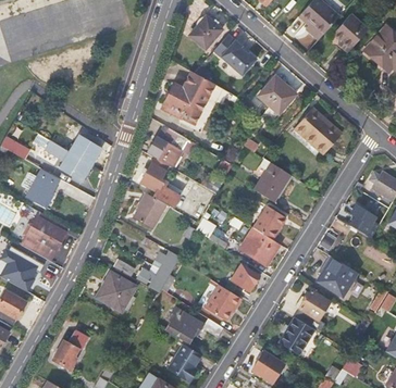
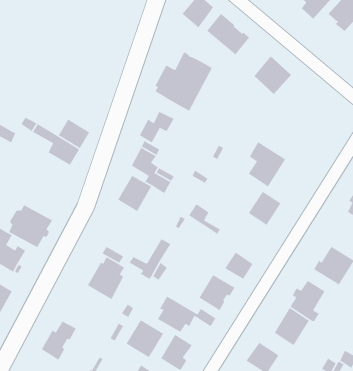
building: [296,108,339,152] -> none
building: [27,170,59,208] -> none
building: [239,227,280,266] -> none
building: none -> [126,319,164,358]

